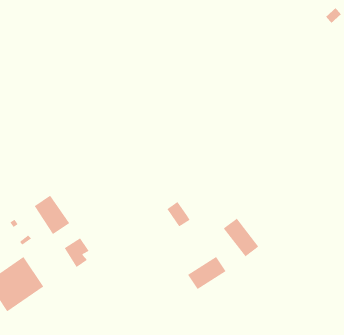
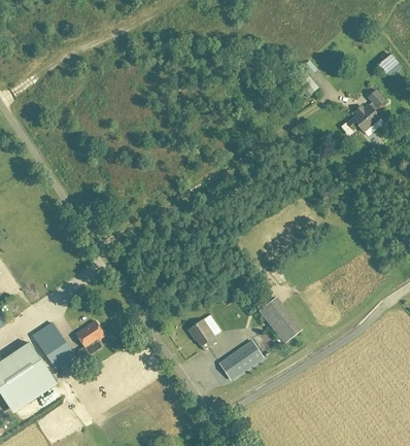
building: none -> [348,90,385,132]
building: [34,195,70,235] -> [33,322,75,369]
building: [166,201,190,227] -> [189,320,216,350]

